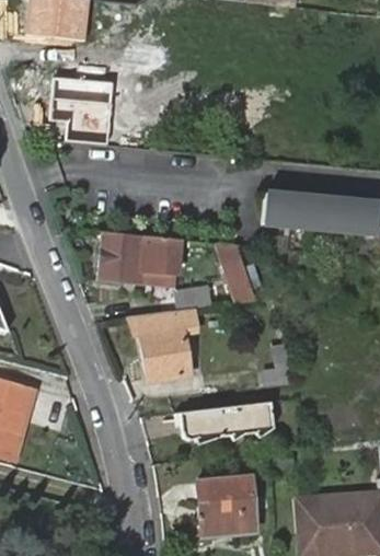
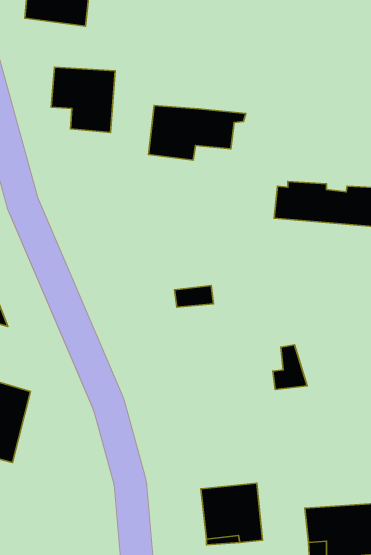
building: [96,233,189,286] -> [149,105,246,160]
building: [216,243,257,305] -> none
building: [138,313,210,382] -> none
building: [174,402,272,447] -> none

